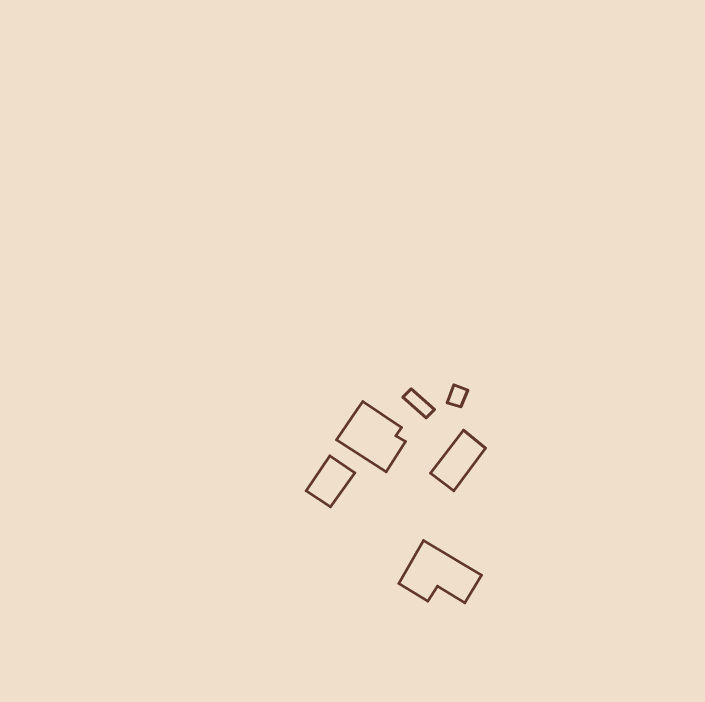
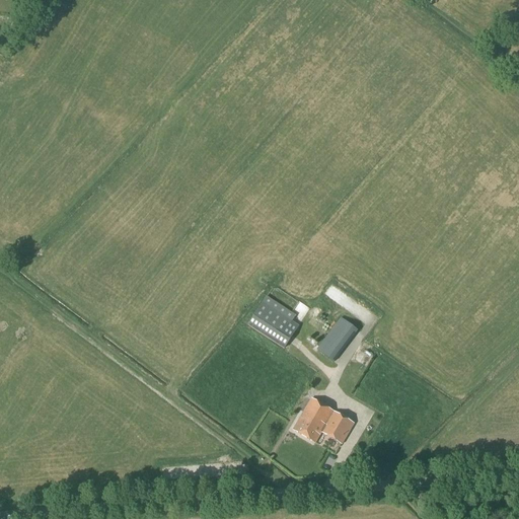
building: [306,456,355,507] -> none

